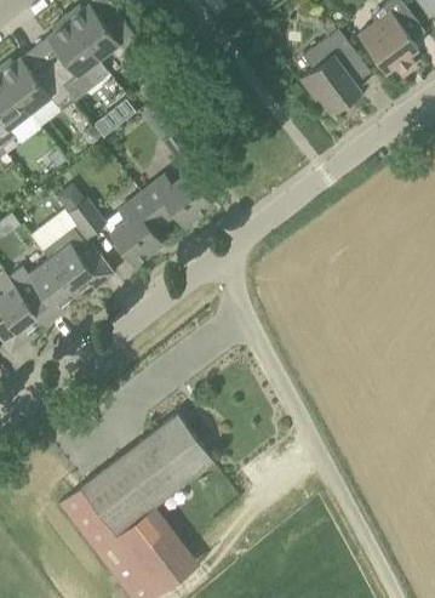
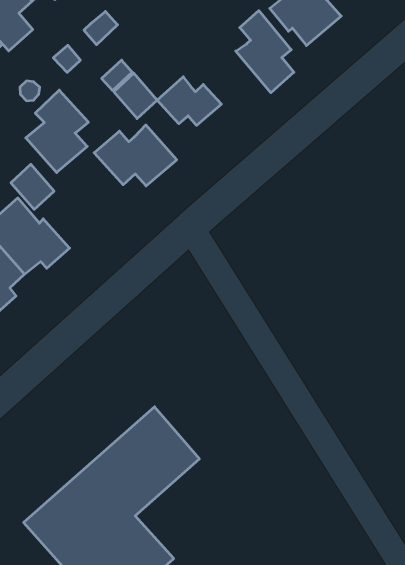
building: none -> [236,11,294,93]
building: none -> [157,77,221,125]
building: [110,193,165,263] -> [26,90,88,173]

